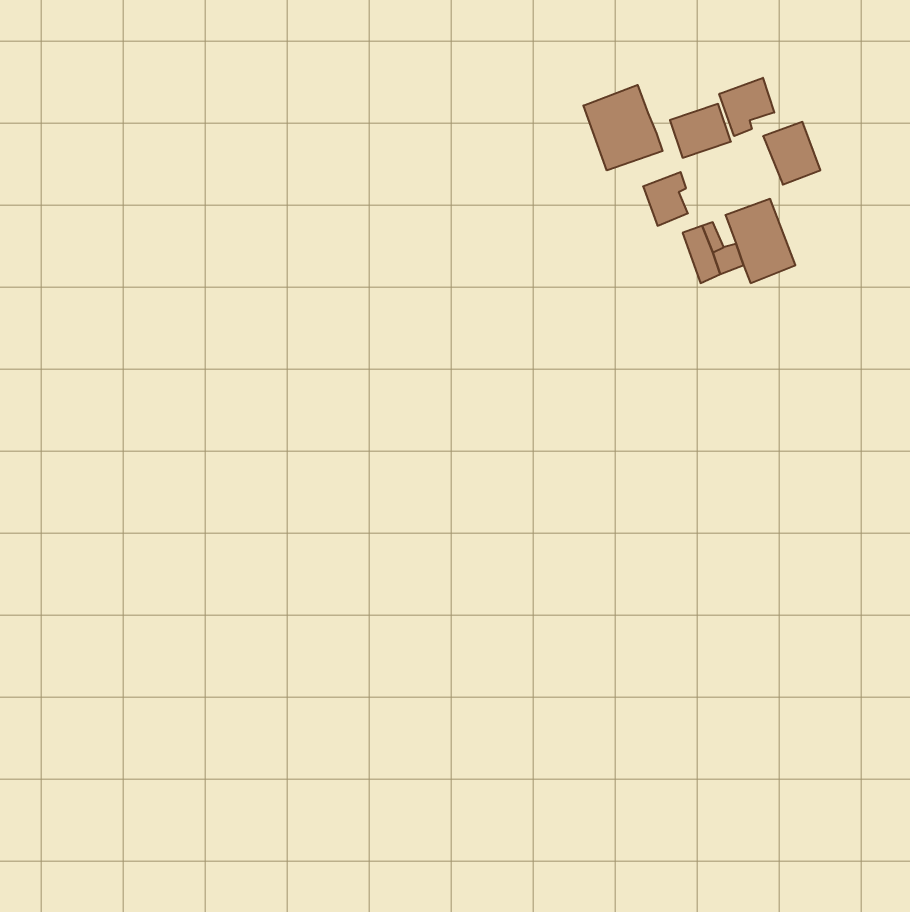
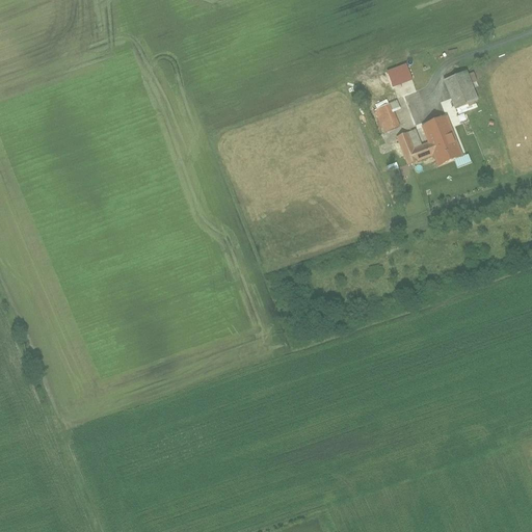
building: [719,78,774,136] -> none
building: [583,85,663,170] -> none

